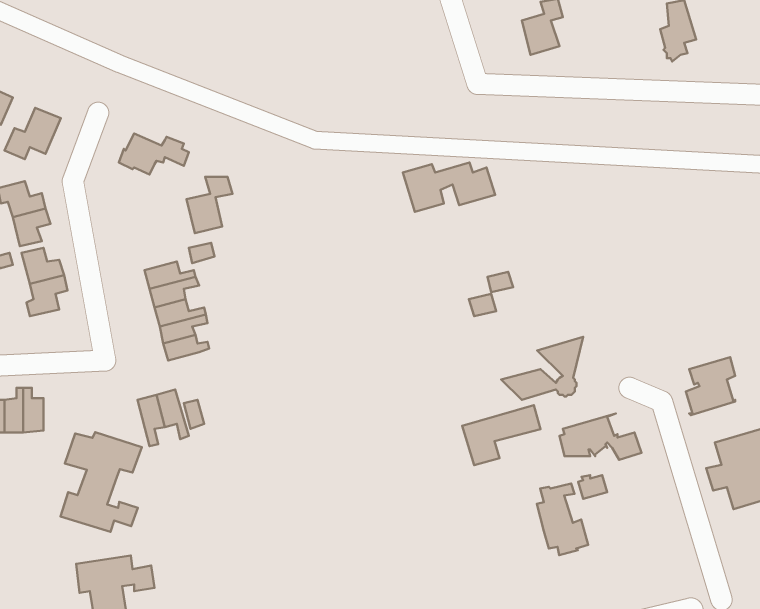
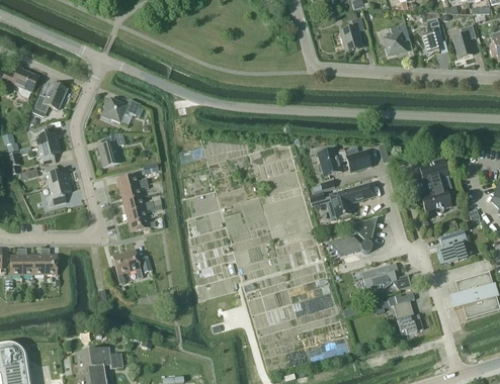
building: none -> [384,23,409,55]
building: none -> [452,24,476,58]
building: [403,162,495,212] -> [317,147,371,176]
building: [186,177,233,233] -> [98,132,126,166]
building: none -> [419,158,451,213]
building: [462,405,541,465] -> [329,182,376,217]
building: [61,432,142,532] -> none
building: [537,483,588,555] -> [393,292,423,334]

